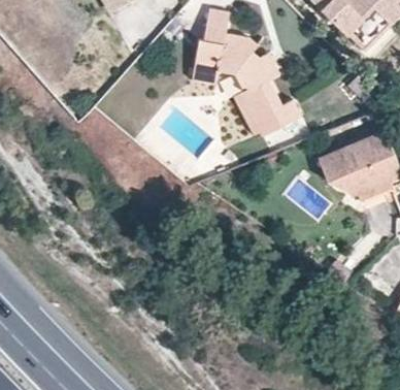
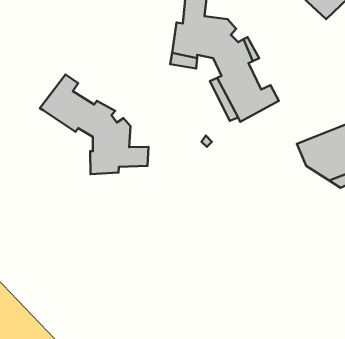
building: none -> [40,74,148,174]

